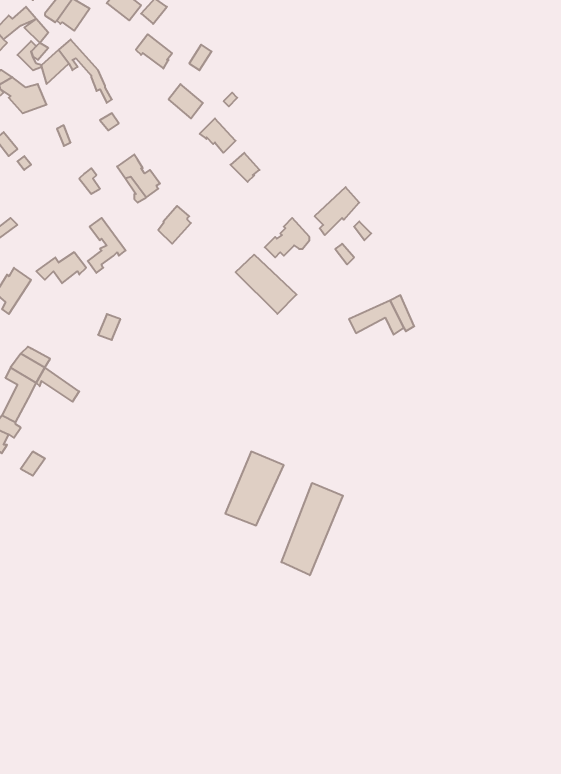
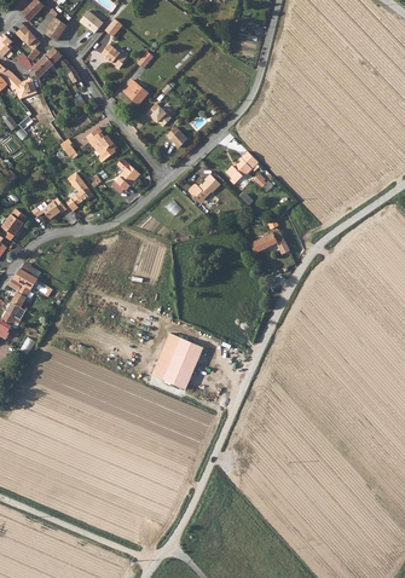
building: [236,255,297,314] -> none
building: [281,483,343,575] -> none

